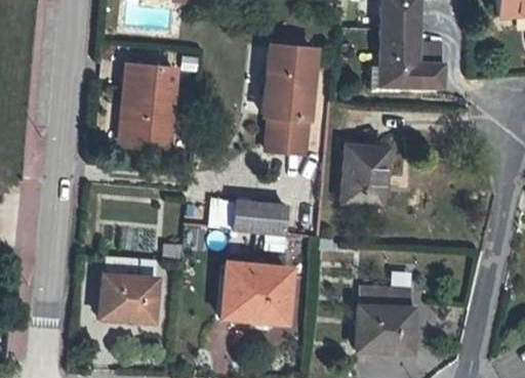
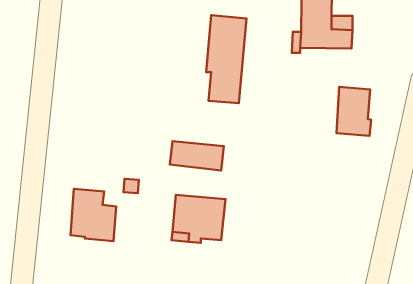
building: [123,65,175,149] -> none
building: [344,145,386,205] -> [337,87,371,136]
building: [357,288,410,350] -> none

